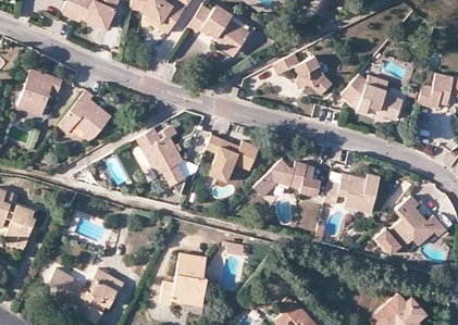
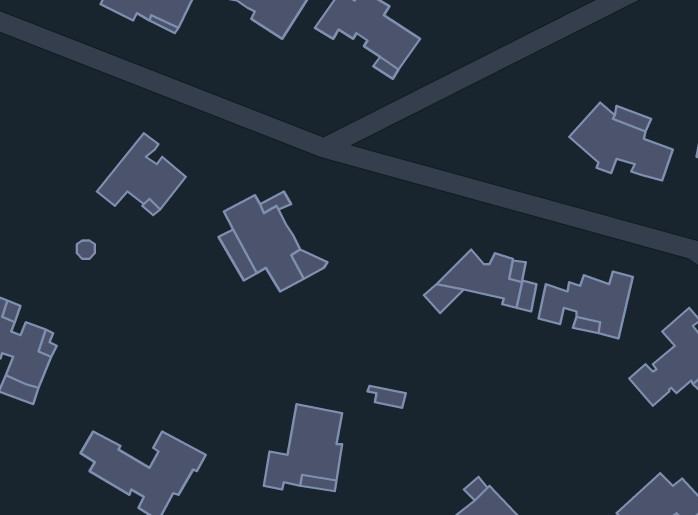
building: [274,53,332,96] -> none
building: [18,68,63,115] -> none
building: [205,134,258,180] -> none

